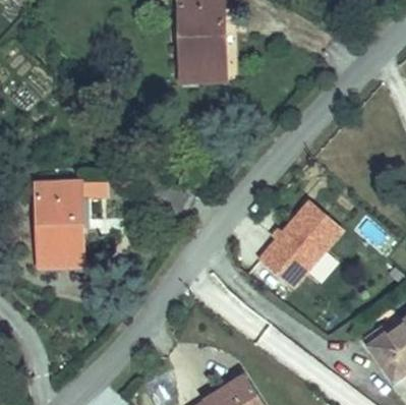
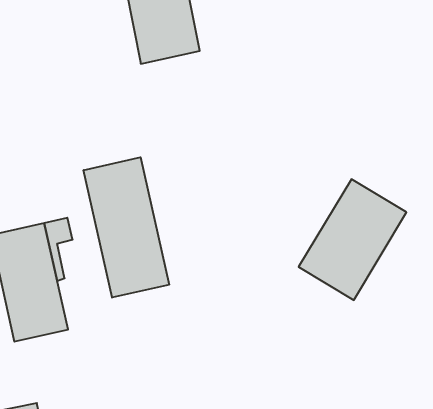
building: none -> [84,157,169,298]

